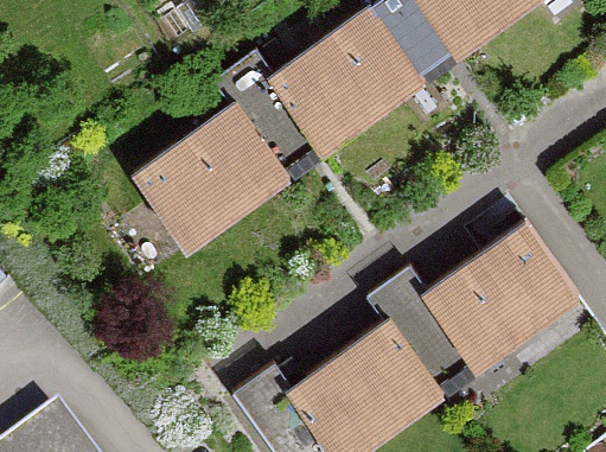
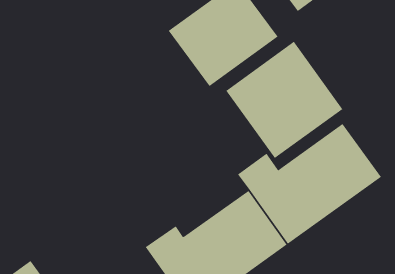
building: none -> [225,41,343,159]
building: [129,107,288,261] -> none

